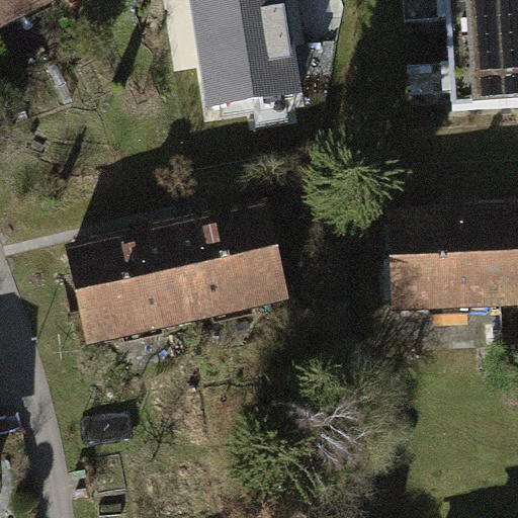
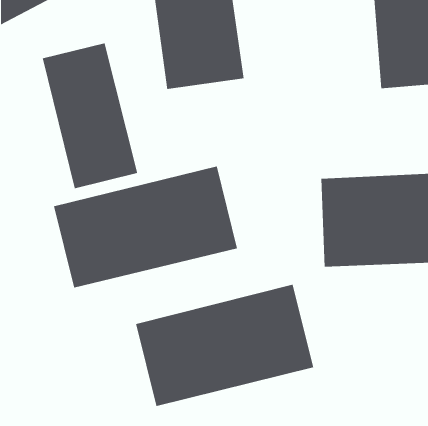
building: none -> [42,42,138,189]
building: none -> [135,284,314,407]

